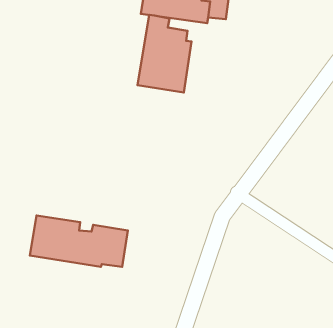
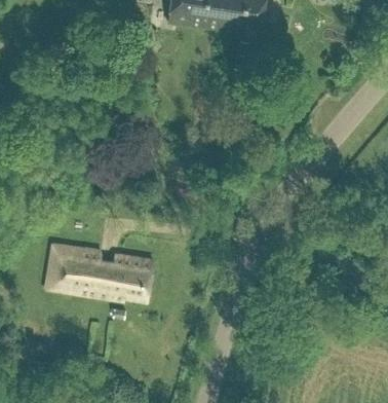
building: [137,15,192,92] -> none

